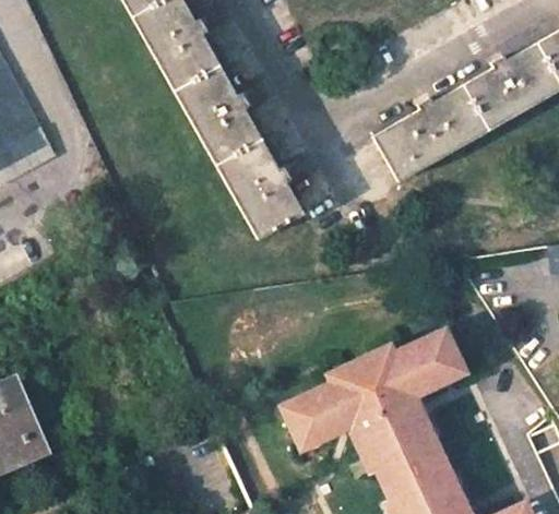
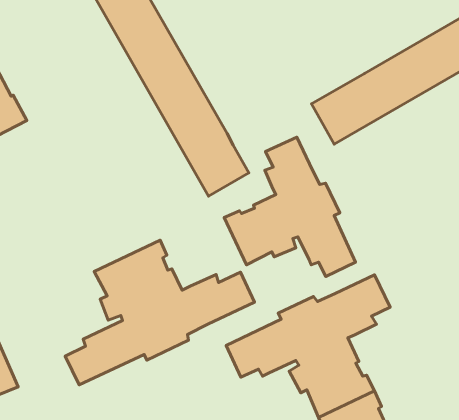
building: none -> [224,137,356,277]
building: none -> [65,240,254,385]

